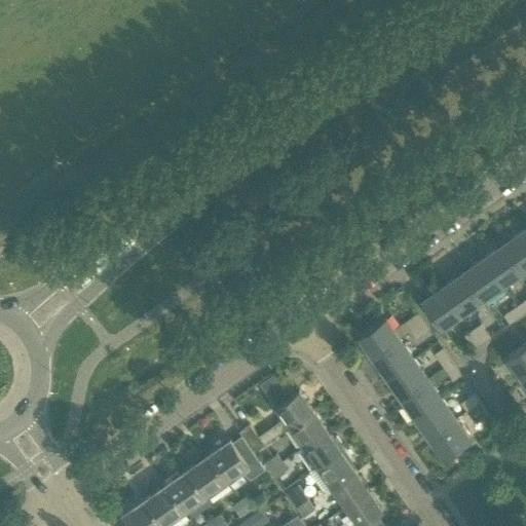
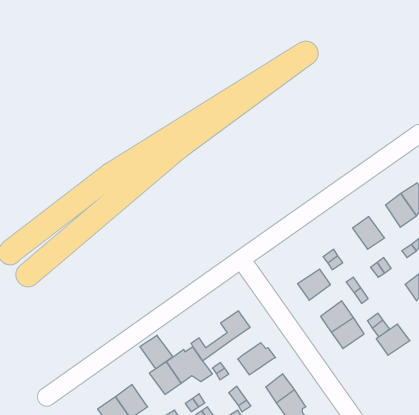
building: [462,262,501,303] -> none
building: [421,291,460,332] -> none
building: [359,322,401,361] -> none
building: [387,362,428,402] -> none
building: [291,415,327,450] -> none
building: [429,423,472,462] -> [376,324,410,355]
building: [318,453,354,490] -> none
building: [165,473,206,515] -> [140,335,173,369]

